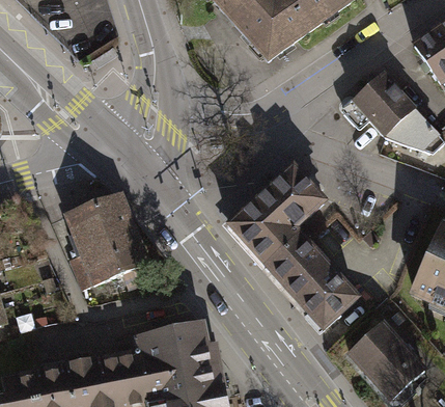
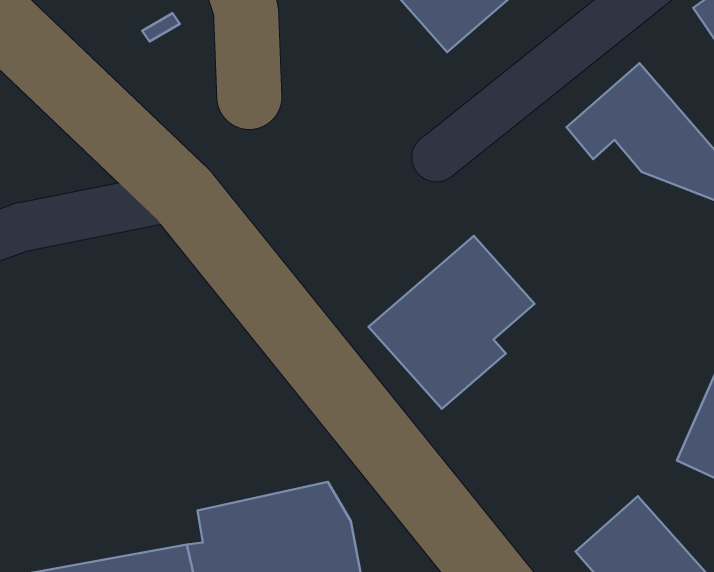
building: [68,191,146,278] -> none
building: [268,242,357,334] -> none

